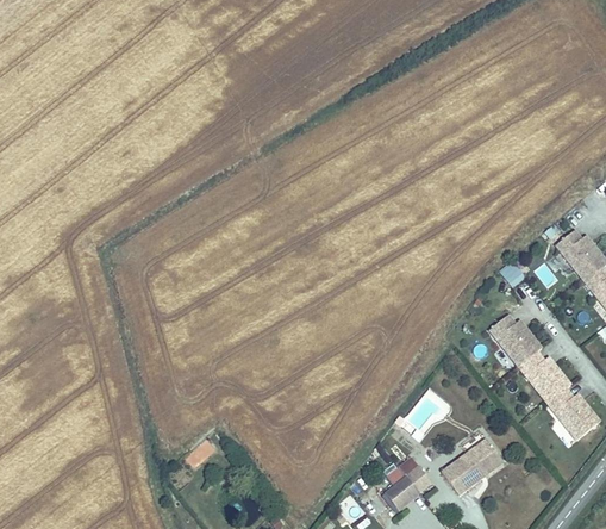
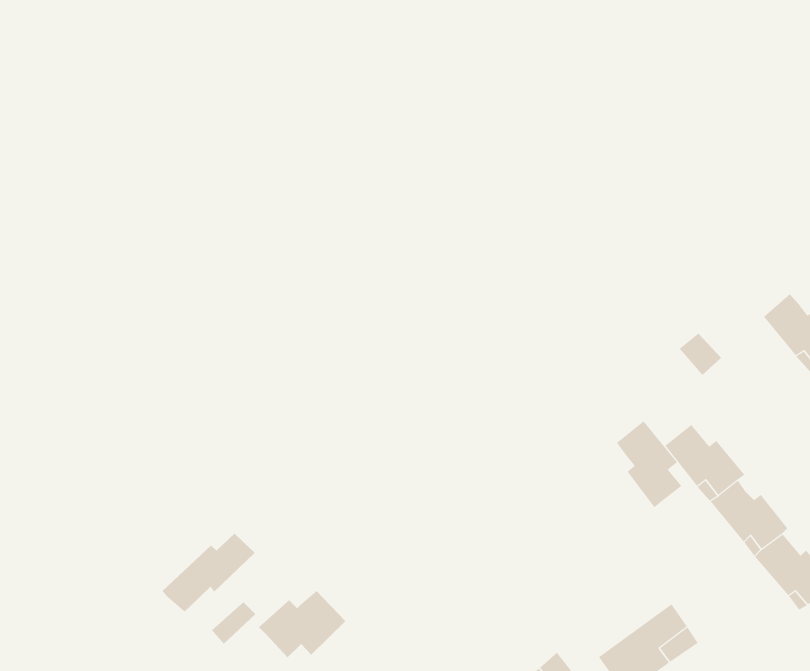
building: none -> [616,421,682,508]
building: none -> [162,533,256,612]
building: none -> [258,590,346,658]

